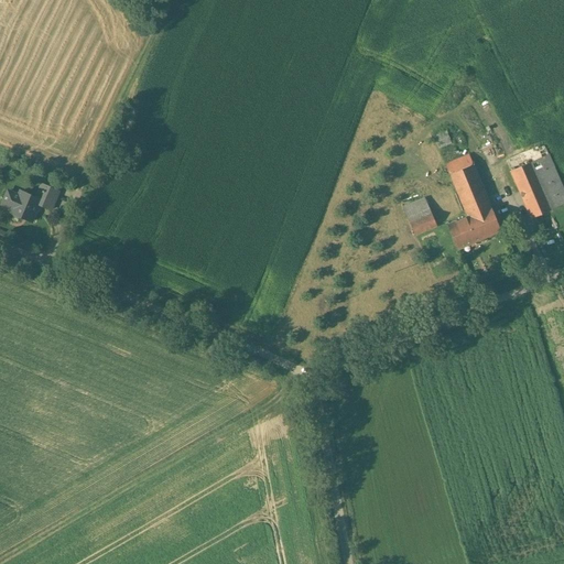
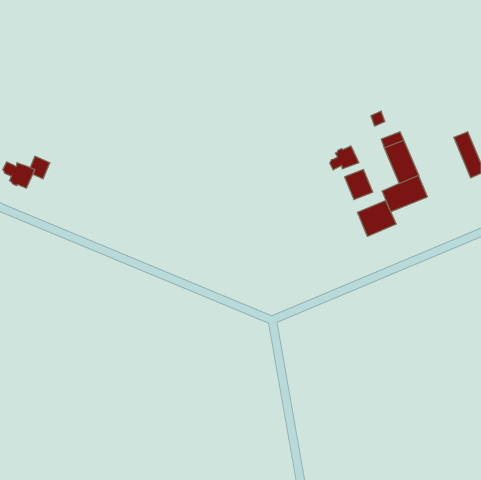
building: [510,161,551,217] -> none
building: none -> [330,146,359,170]
building: none -> [357,201,396,236]

